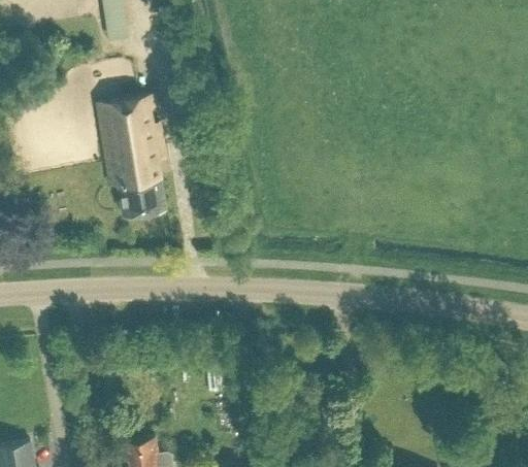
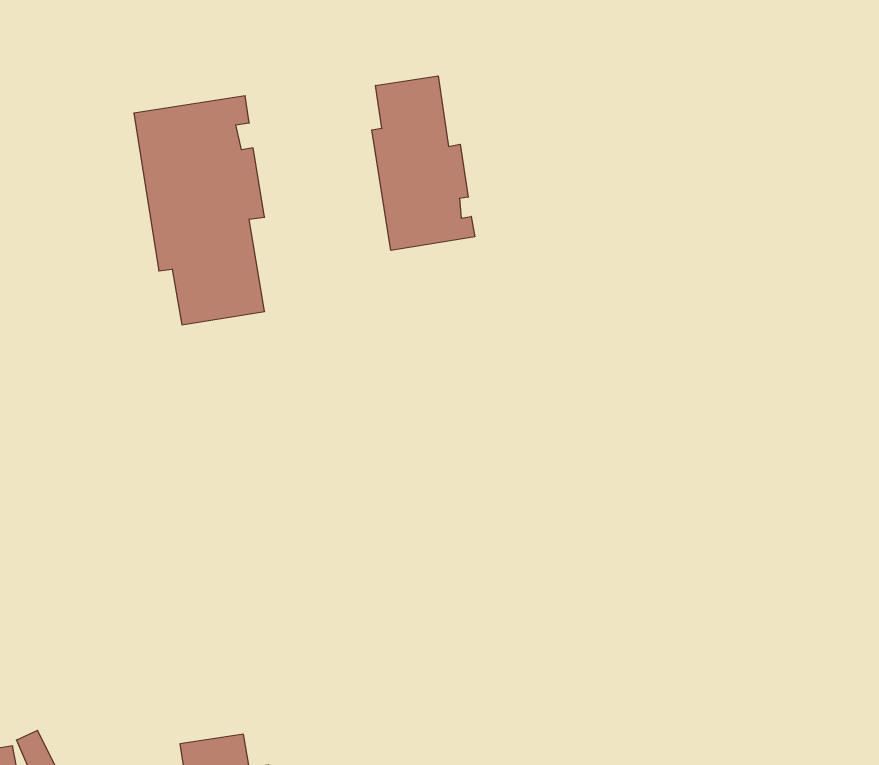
building: none -> [372,76,475,250]

